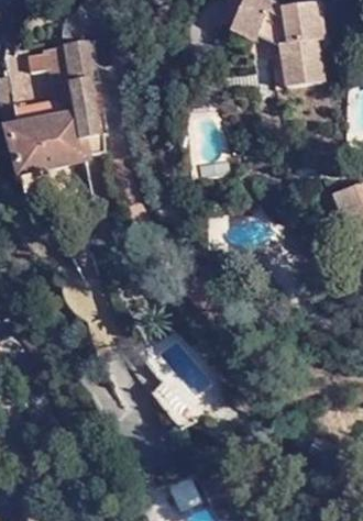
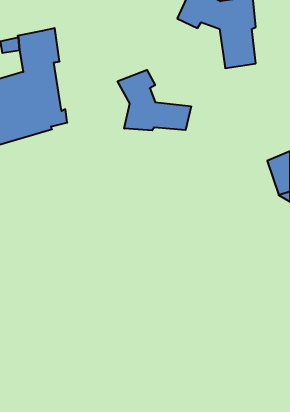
building: none -> [118,70,191,130]

